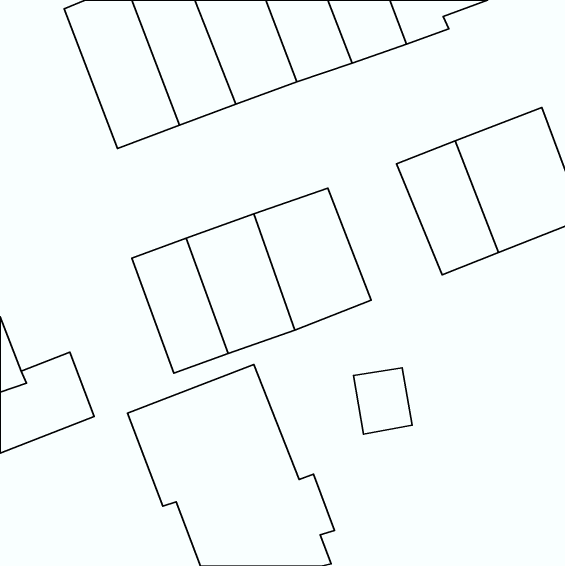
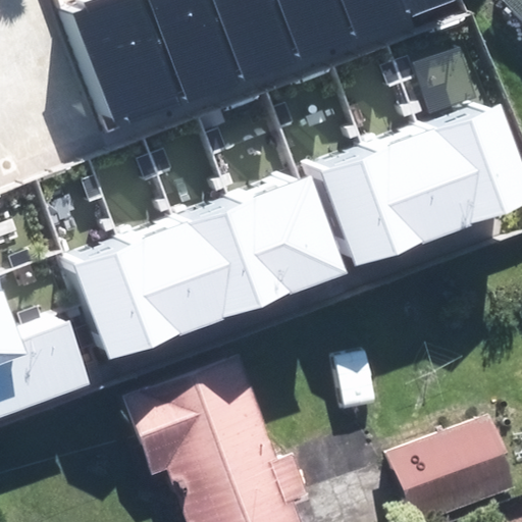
building: none -> [313,151,408,274]
building: none -> [65,238,161,364]
building: none -> [376,396,516,511]

